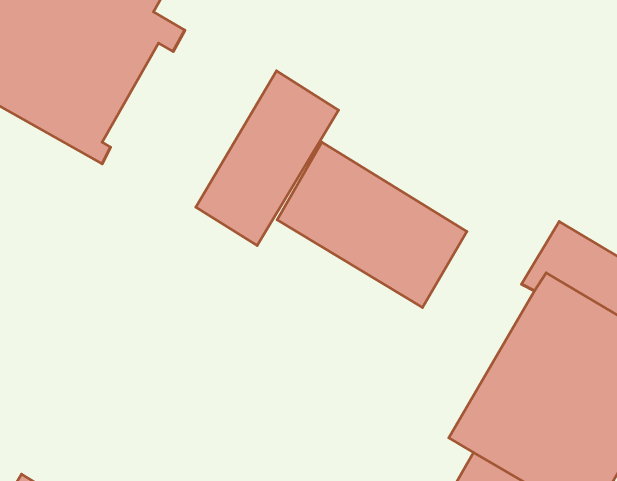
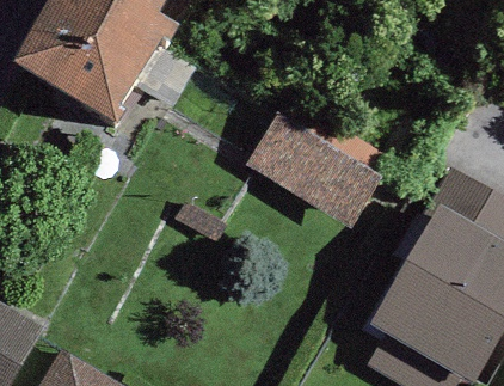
building: [196,71,338,245] -> none

